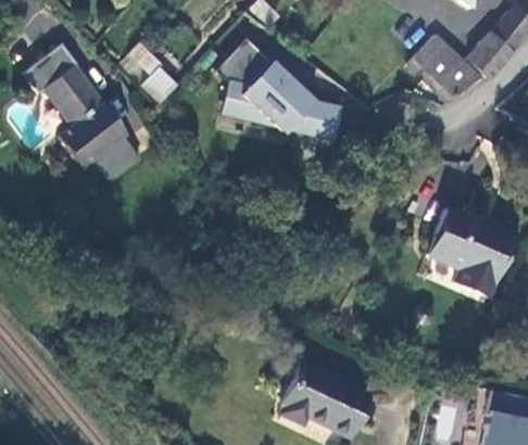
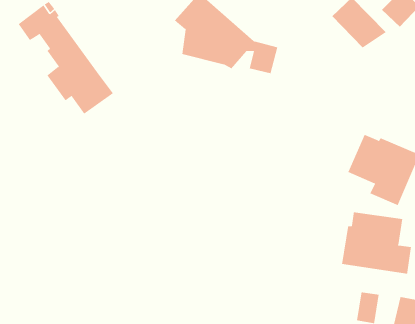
building: [130,49,177,105] -> none
building: none -> [341,212,411,275]
building: [285,364,374,436] -> none

